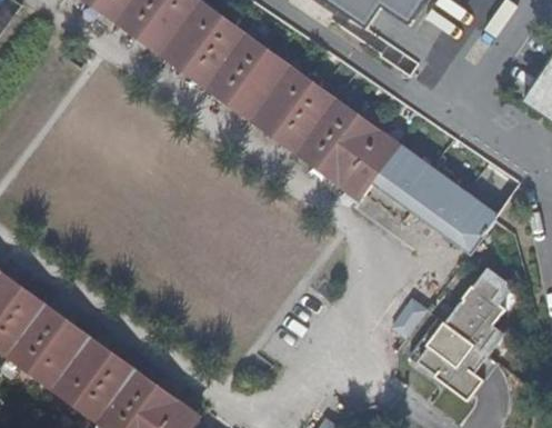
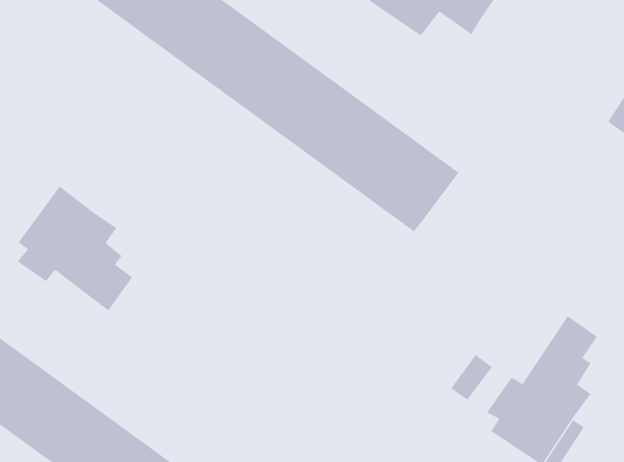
building: [371,146,493,250] -> none
building: none -> [17,186,133,311]

